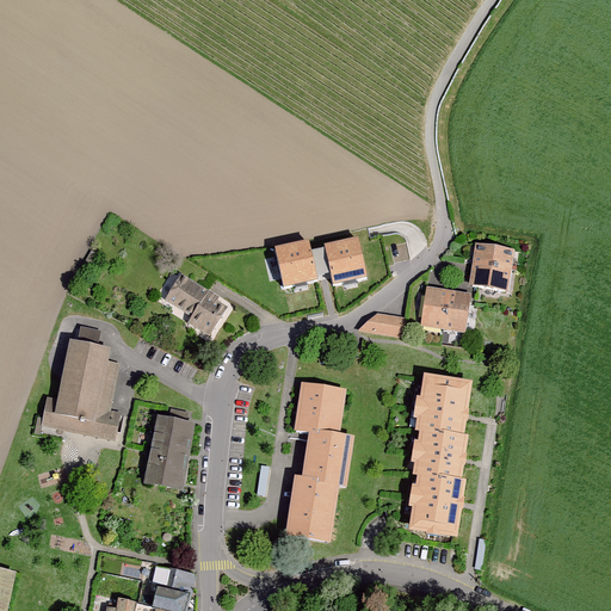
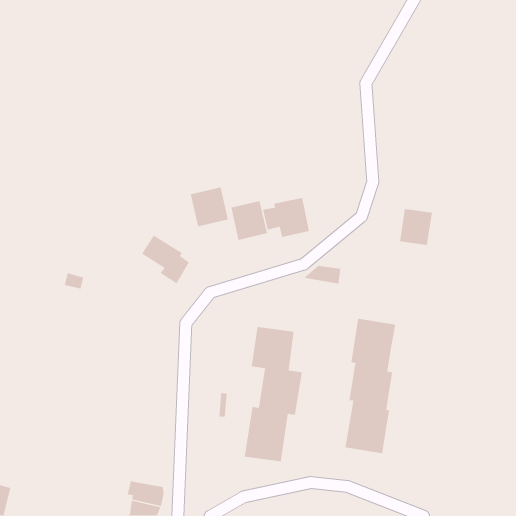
building: none -> [190,186,229,227]
building: [419,288,467,328] -> none
building: [39,340,119,440] -> none
building: [143,415,195,490] -> none

